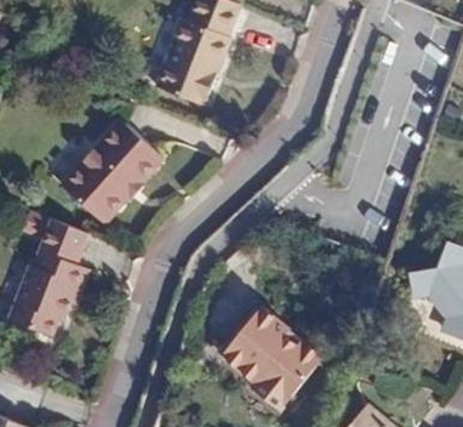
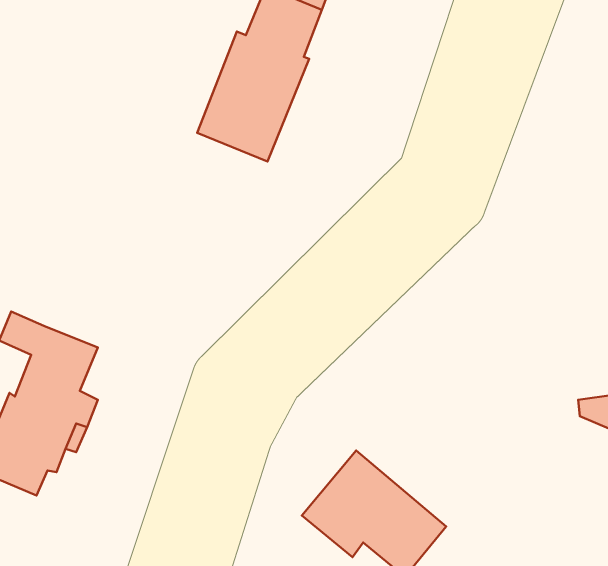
building: [62,126,158,224] -> none

